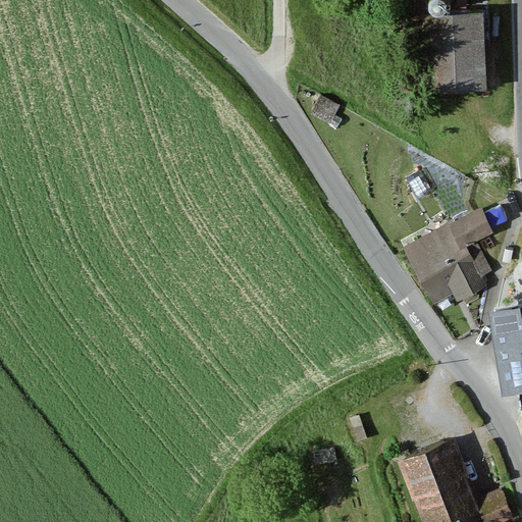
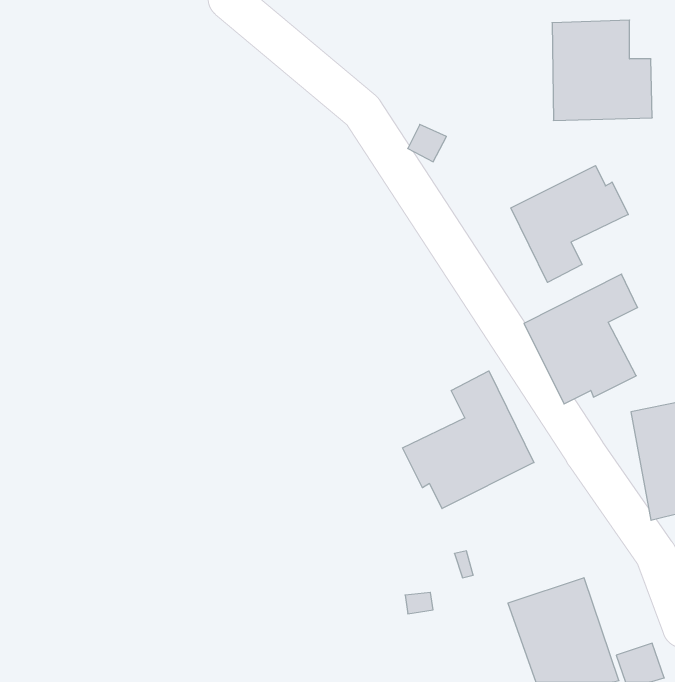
building: none -> [511,166,628,282]
building: none -> [403,371,534,509]

